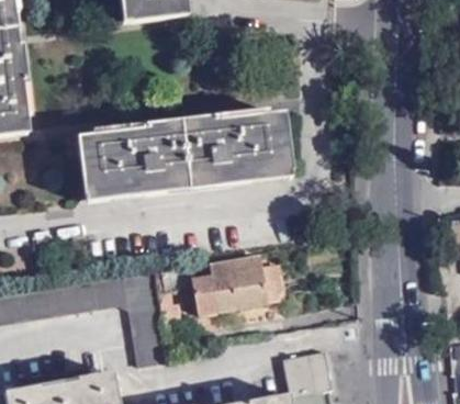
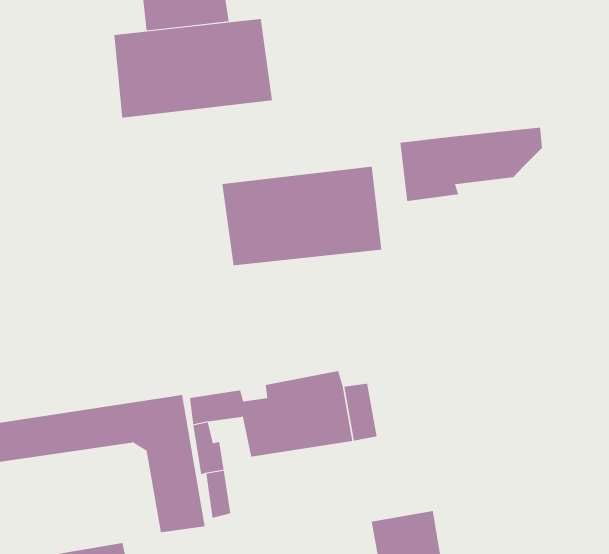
building: none -> [400,127,542,202]
building: [78,127,187,195] -> [114,19,273,118]

